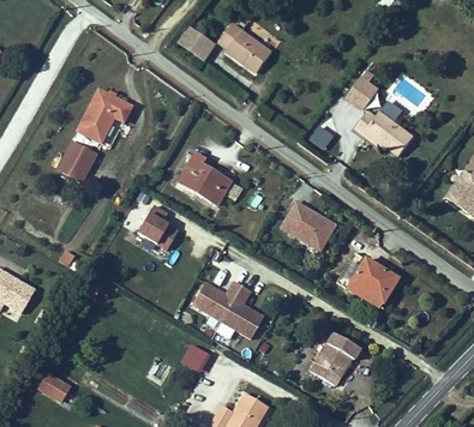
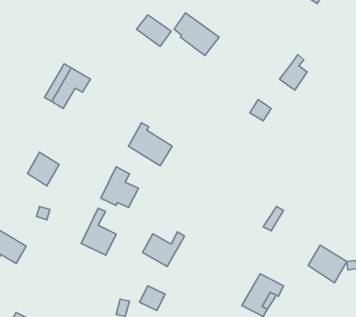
building: [362,115,420,160] -> none
building: [54,133,91,173] -> [27,152,59,186]
building: [286,203,344,253] -> none
building: none -> [81,208,116,255]
building: [346,259,391,303] -> [308,245,347,283]
building: [220,287,262,339] -> none

